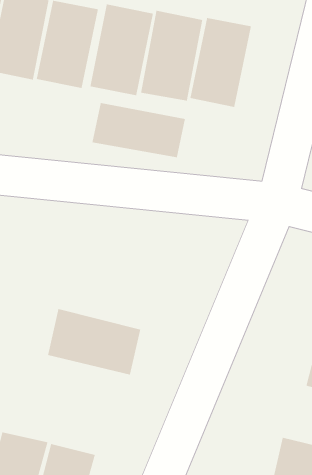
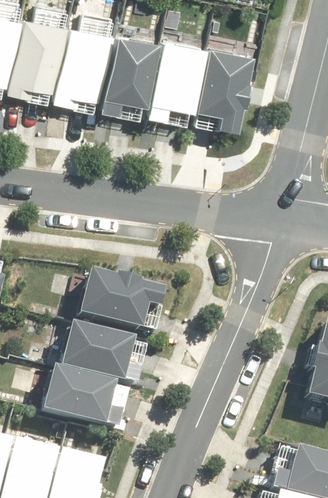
building: [91,102,186,158] -> none
building: none -> [83,267,169,329]
building: none -> [44,363,133,426]

